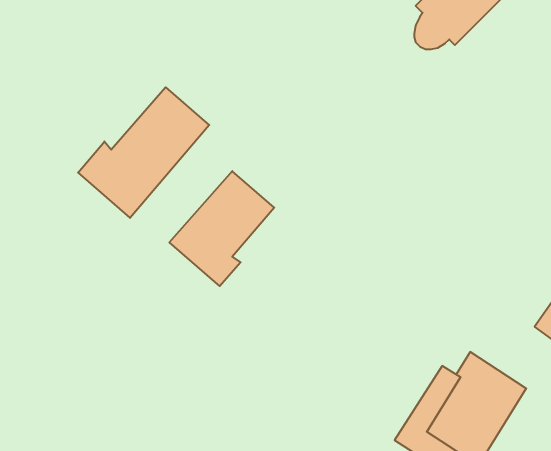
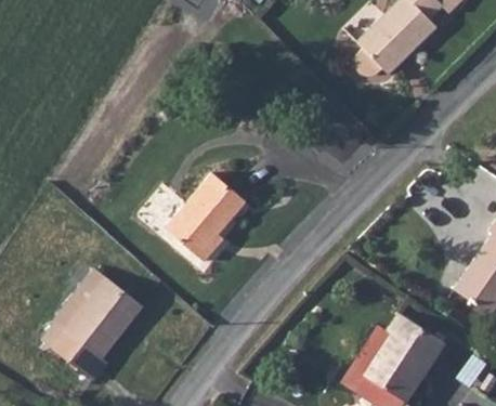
building: [78,87,209,218] -> none
building: none -> [44,275,143,378]

